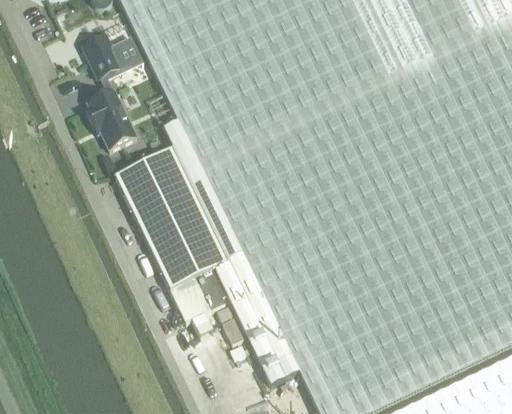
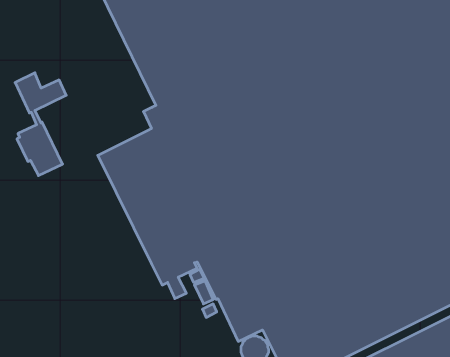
building: [85,34,142,149] -> [15,73,66,176]

